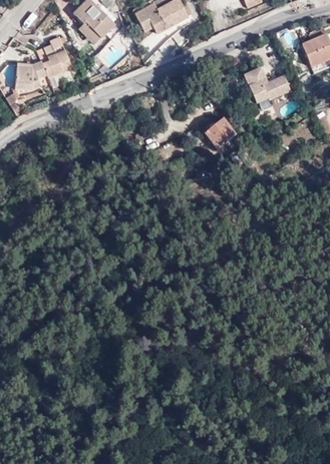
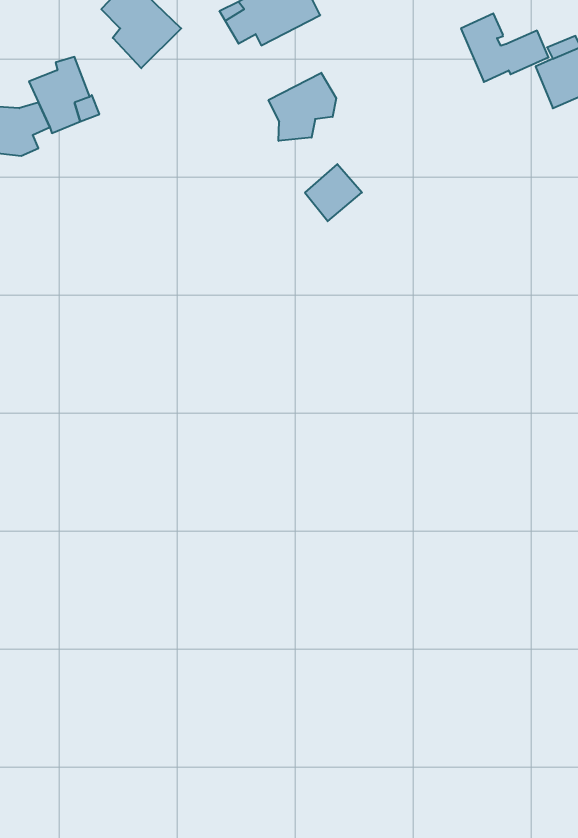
building: none -> [269,73,336,141]
building: [245,66,291,102] -> [461,13,549,82]
building: [206,117,236,147] -> [305,164,362,221]

